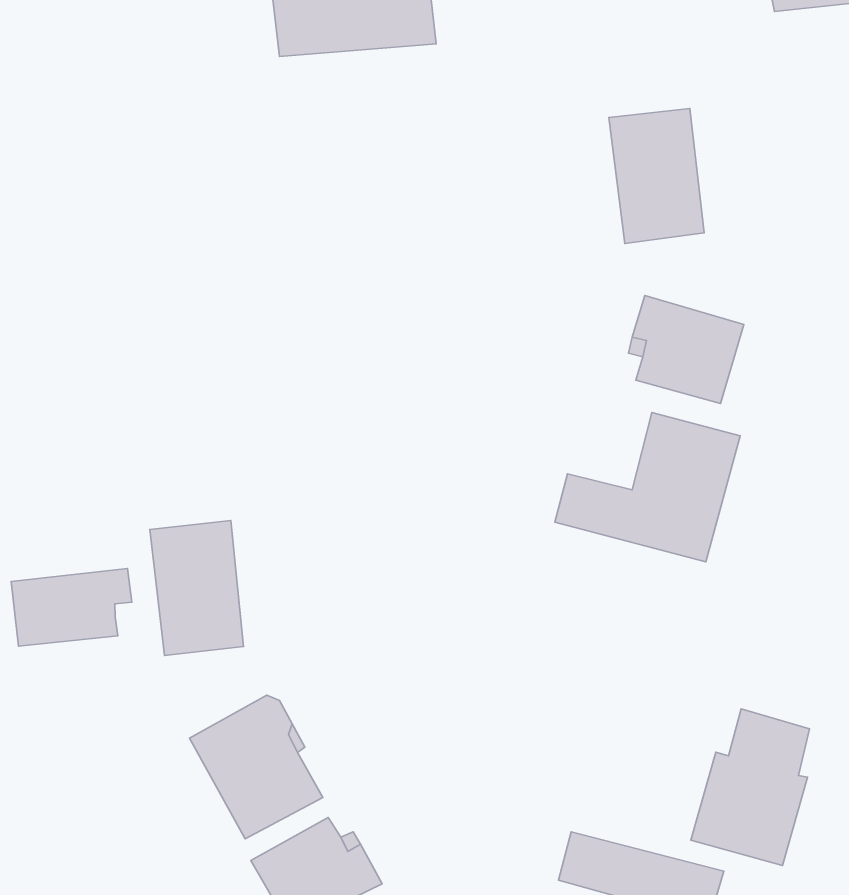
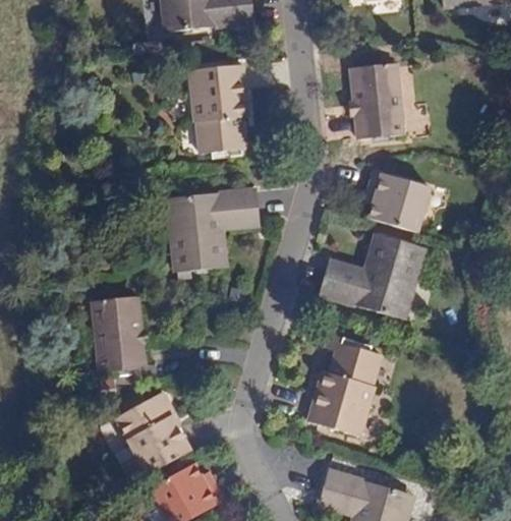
building: none -> [189,64,248,150]
building: none -> [169,189,261,273]
building: [11,568,132,646] -> none
building: [691,709,809,865] -> [307,348,375,437]

